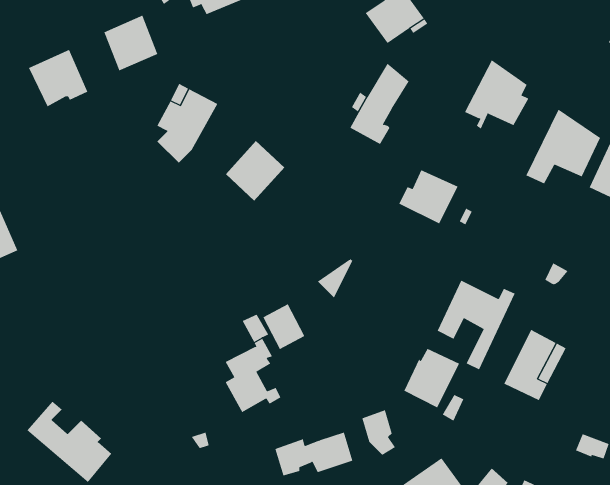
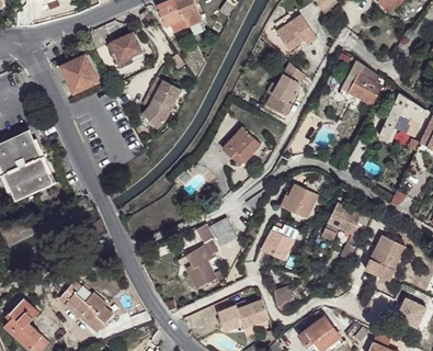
building: [225,140,285,202] -> [221,127,260,167]
building: [399,170,458,224] -> [280,184,318,219]
building: [403,348,460,408] -> [261,223,297,261]

